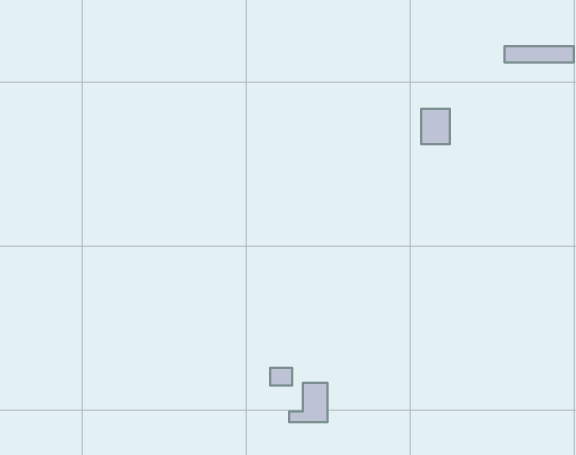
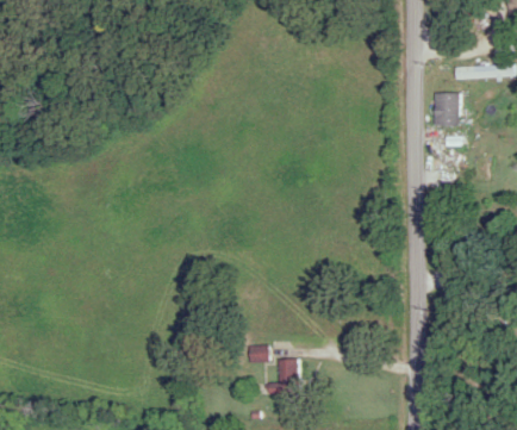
building: [421,109,450,144] -> [432,93,457,124]

